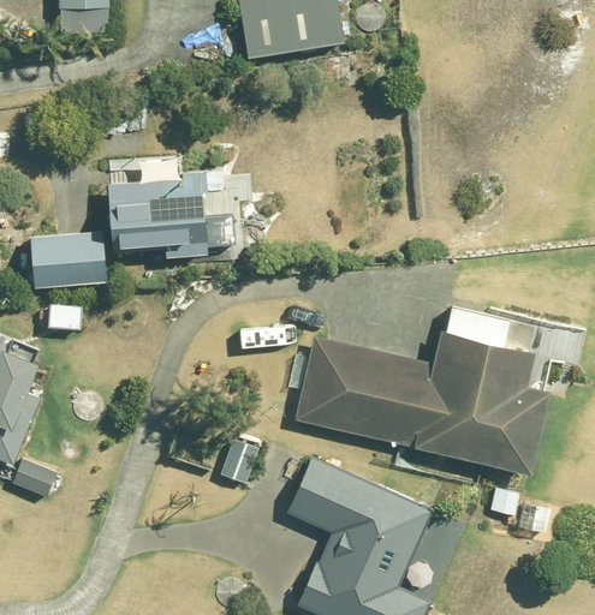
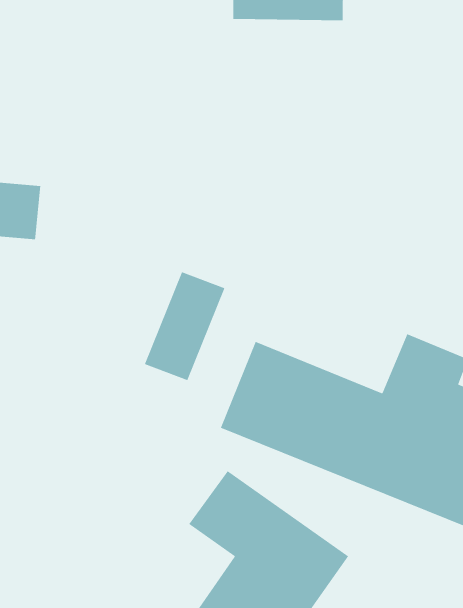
building: [108,172,214,256] -> none
building: none -> [144,271,225,381]

